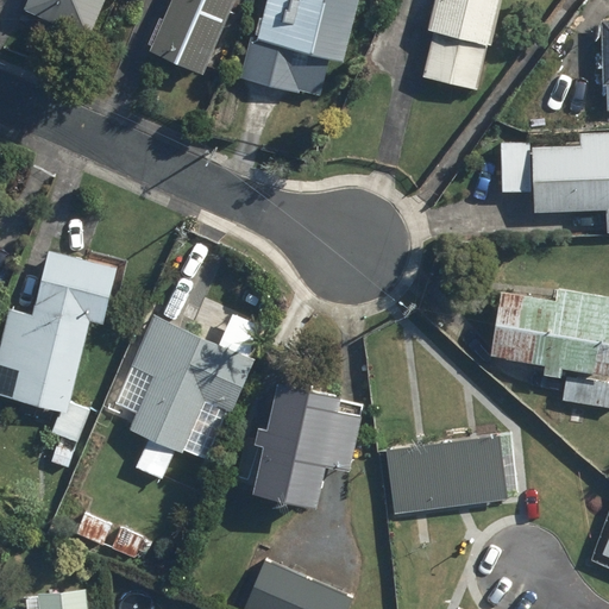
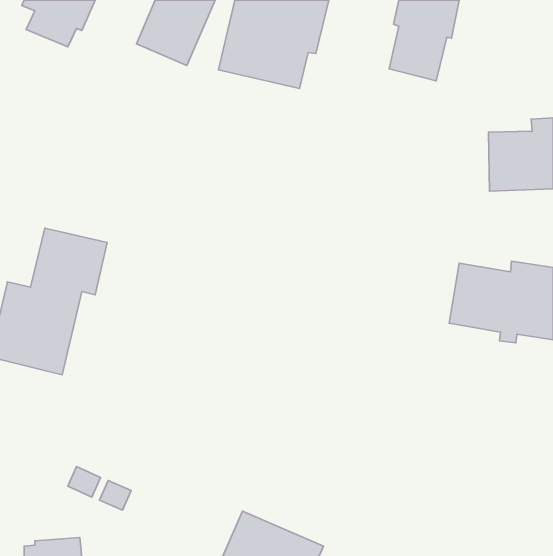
building: [113,315,255,451] -> none
building: [255,378,363,504] -> none
building: [385,435,507,513] -> none

